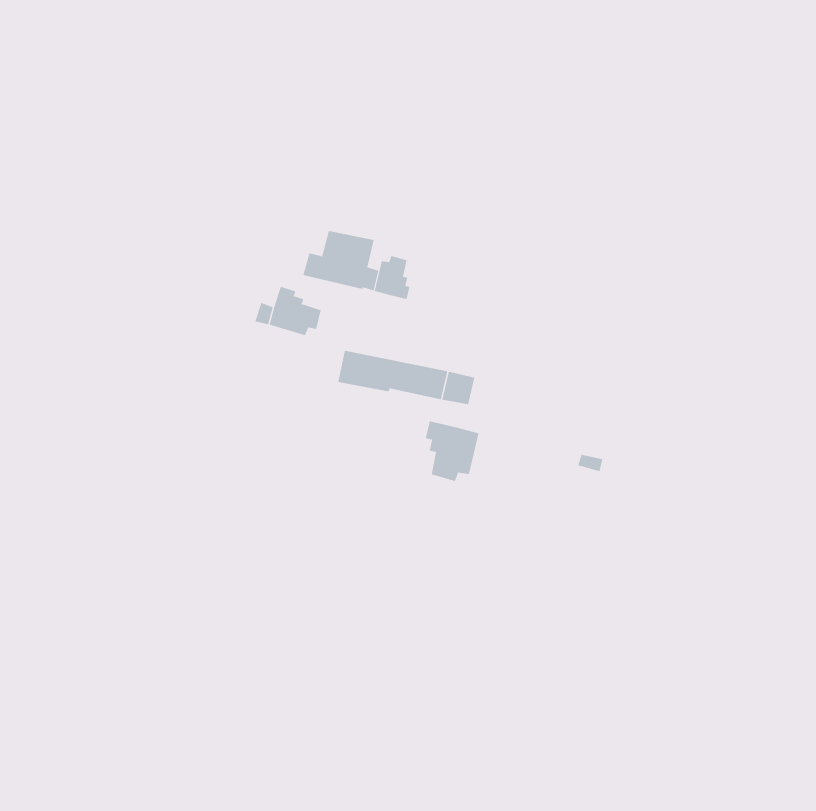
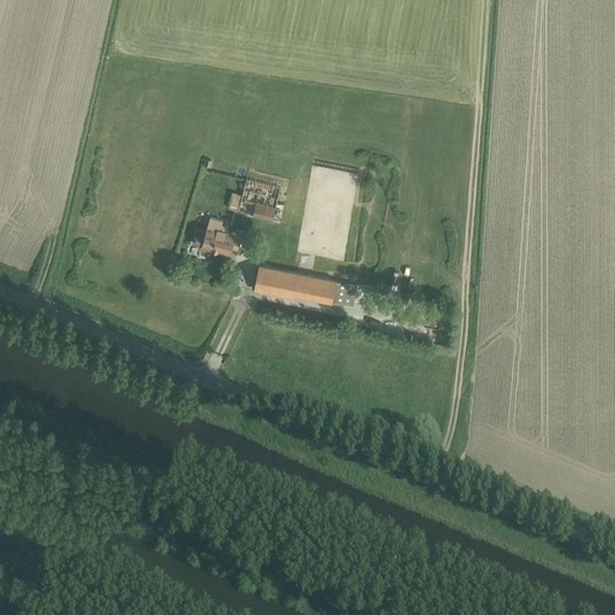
building: [374,255,410,300] -> none
building: [425,421,479,482] -> none

